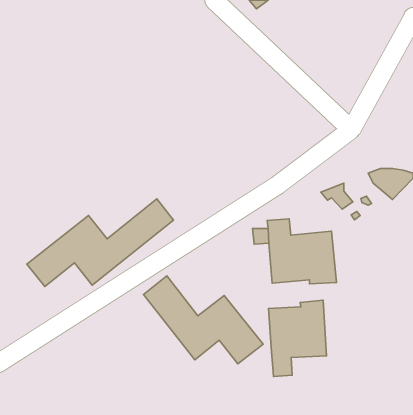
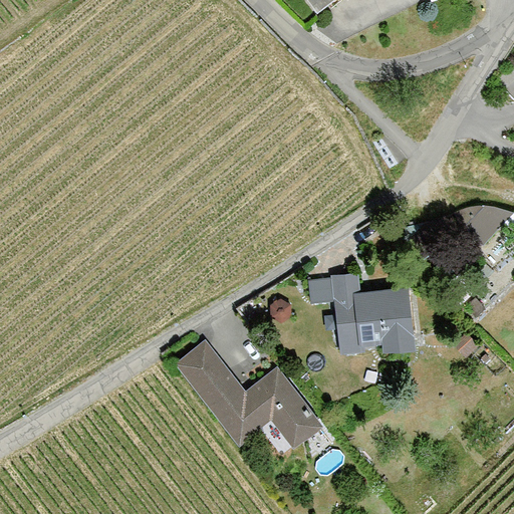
building: [27,199,174,287] -> none
building: [269,300,326,376] -> none

